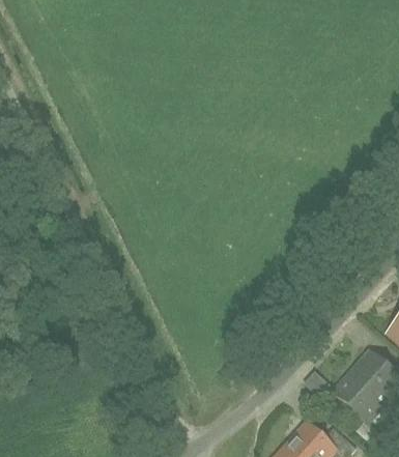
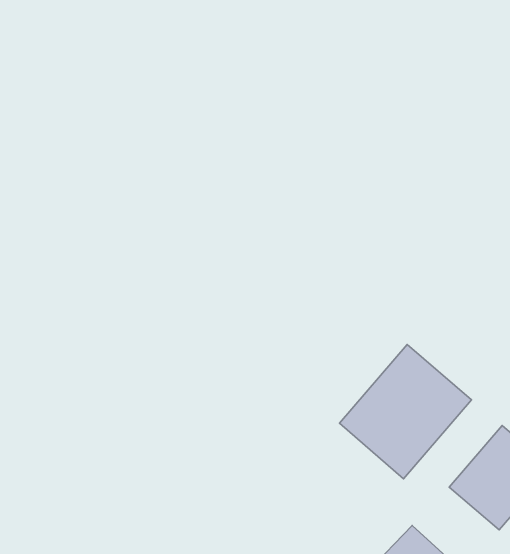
building: none -> [339,344,471,479]

